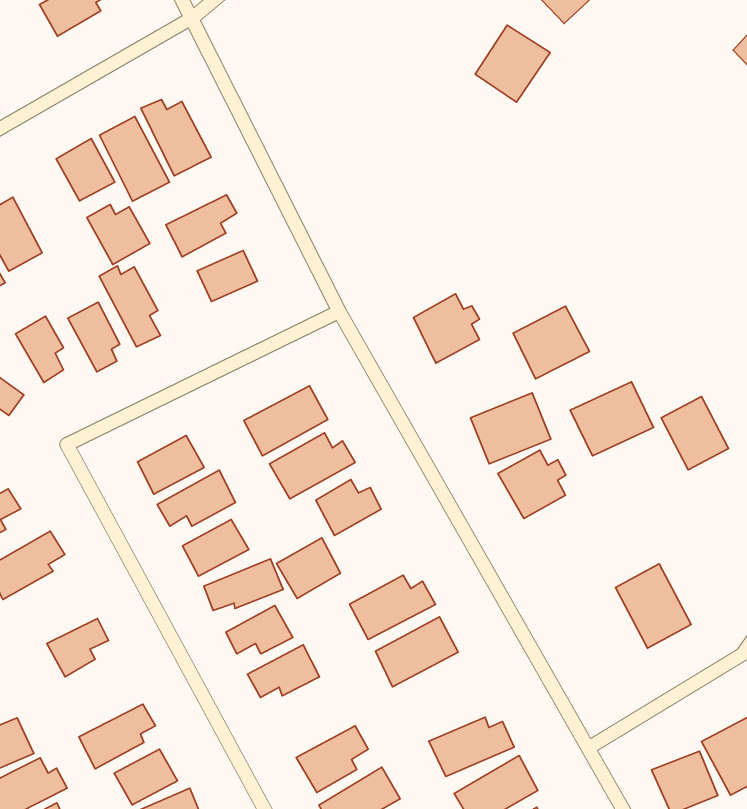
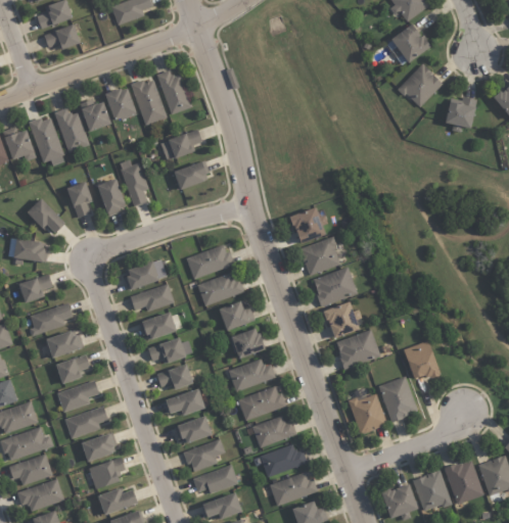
building: [475,25,550,102] -> [399,63,443,107]
building: none -> [445,96,476,132]
building: [87,204,150,264] -> [79,98,111,132]
building: [513,306,590,379] -> [299,237,340,275]
building: [570,382,654,456] -> [335,330,380,368]
building: [661,396,729,470] -> [404,340,438,380]
building: [277,538,340,599] -> [229,327,264,359]
building: none -> [46,329,80,358]
building: none -> [349,388,386,434]
building: none -> [57,380,99,412]
building: none -> [251,415,296,447]
building: none -> [175,416,212,444]

